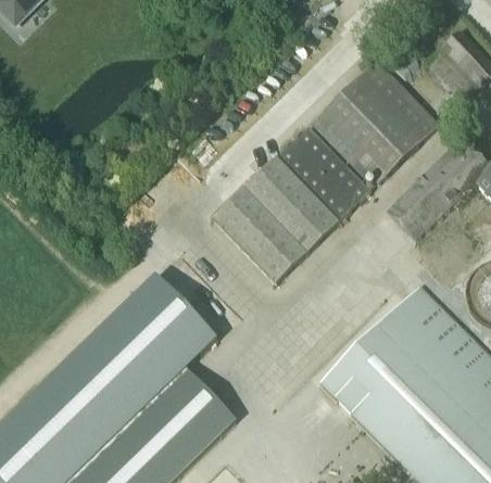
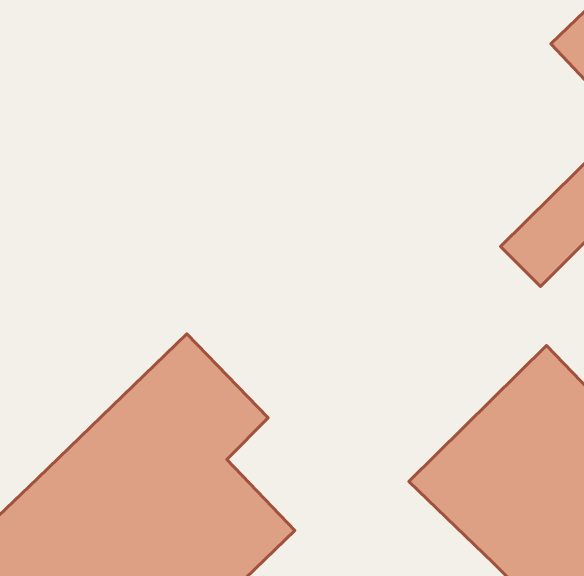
building: [312,60,438,181] -> none
building: [214,125,370,280] -> none

